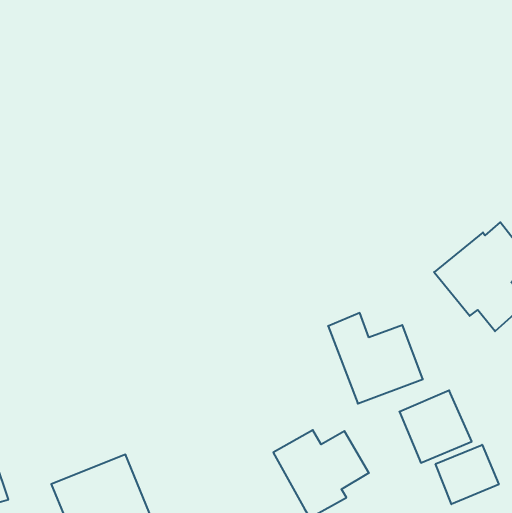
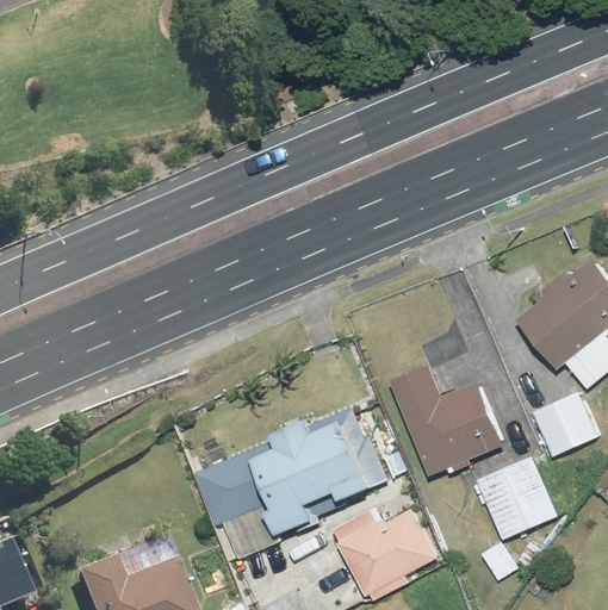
building: none -> [529,388,595,455]
building: none -> [196,406,391,558]
building: [436,445,499,504] -> none

